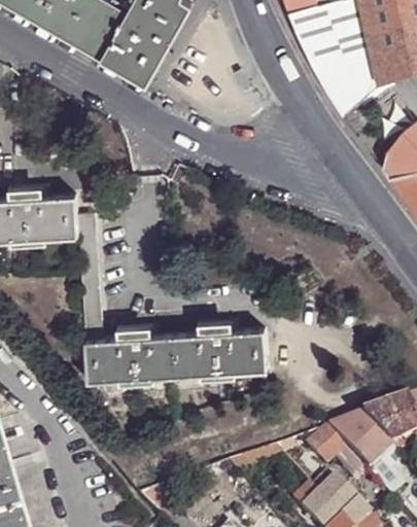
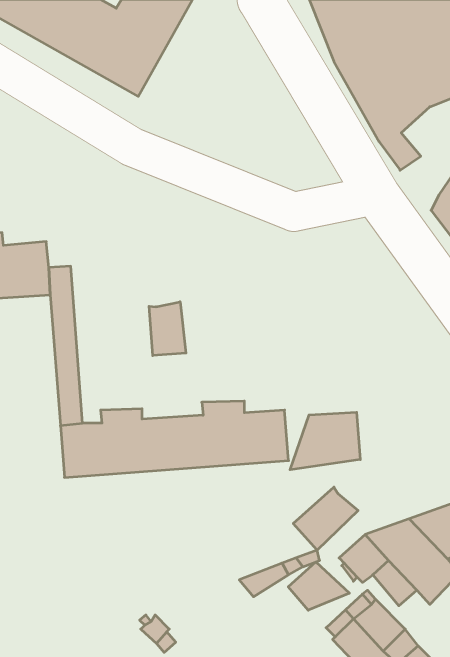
building: none -> [149,302,186,356]
building: none -> [290,412,360,470]
building: none -> [293,487,358,550]
building: none -> [288,562,349,610]

